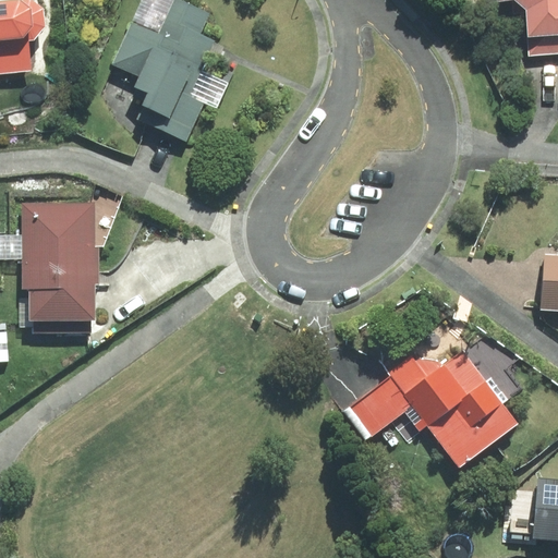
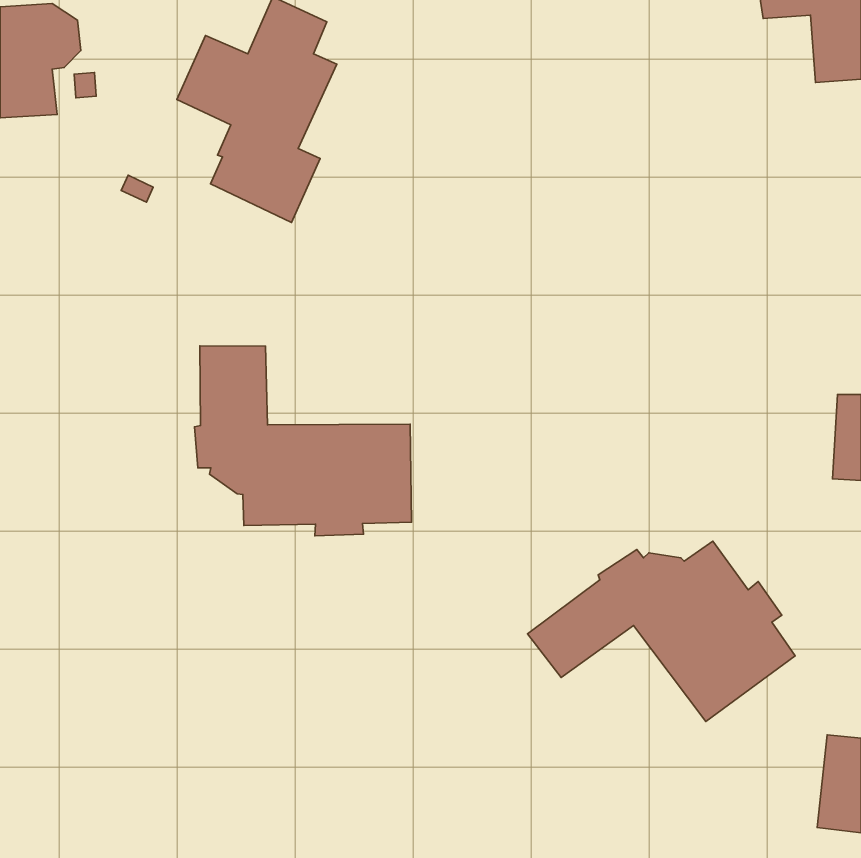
building: [24,199,101,331] -> none
building: none -> [194,346,411,536]

